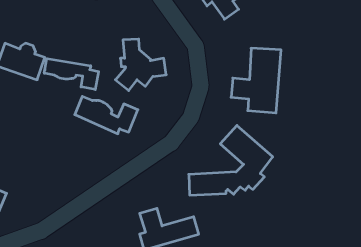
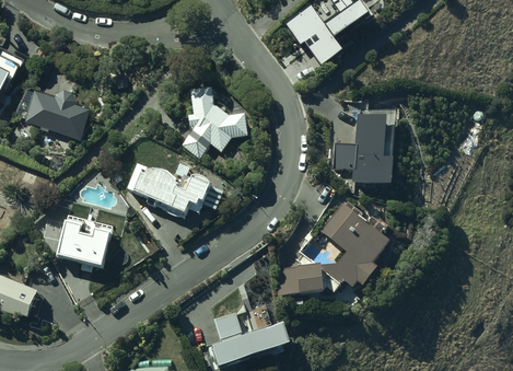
building: [44,59,99,90] -> none
building: none -> [56,220,112,267]

